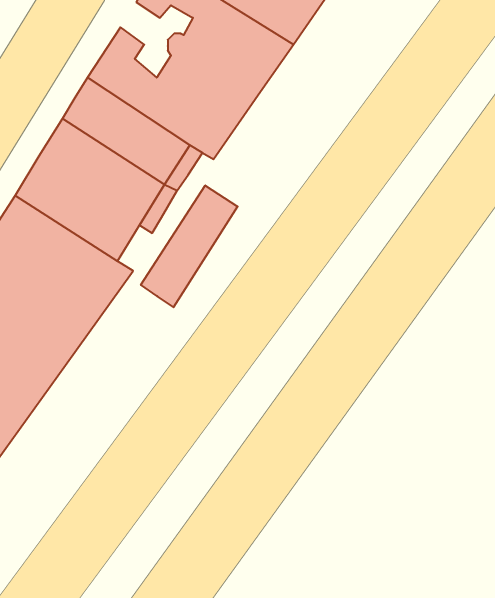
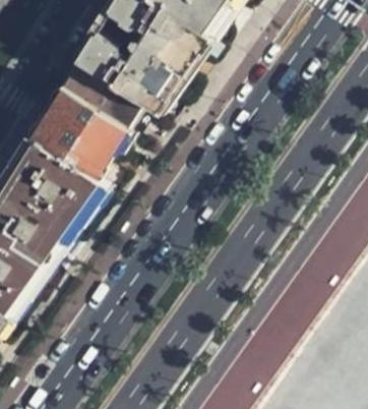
building: [141,185,238,307] -> none

